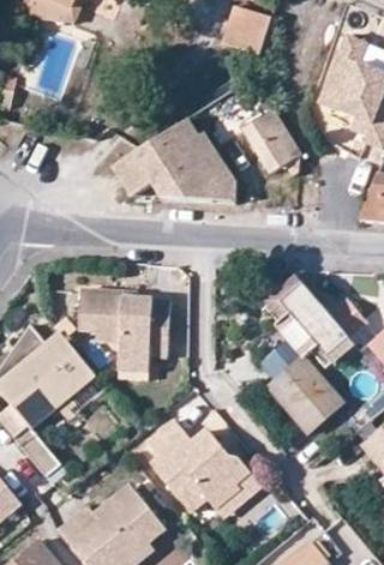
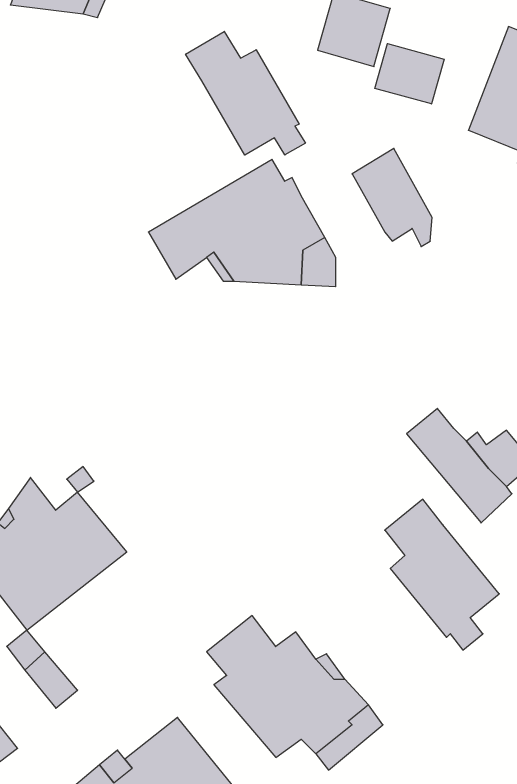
building: none -> [186,31,305,155]
building: none -> [375,44,444,104]
building: [80,294,172,367] -> none

